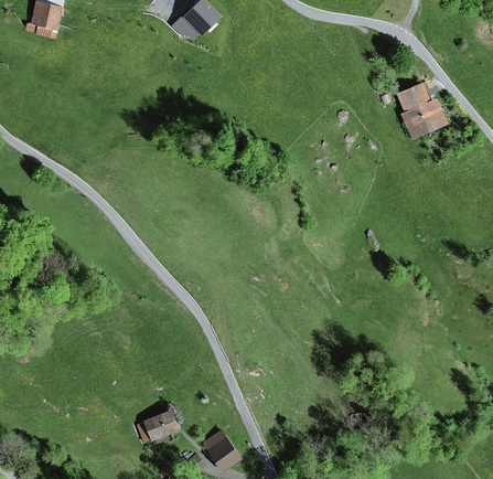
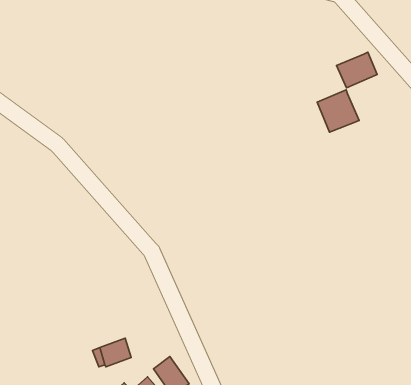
building: [396,82,431,113] -> none
building: none -> [317,90,359,132]

